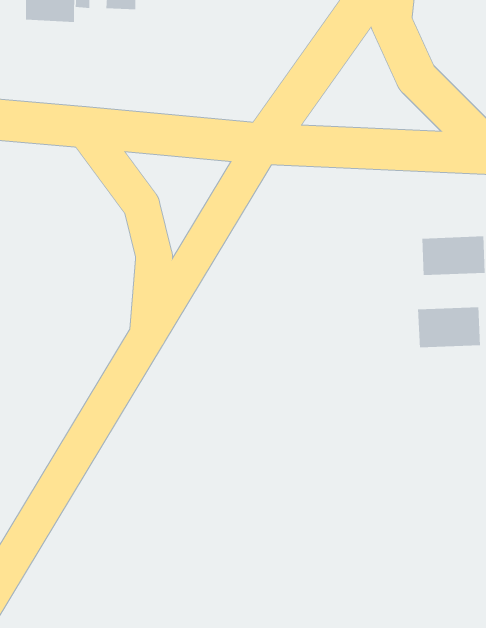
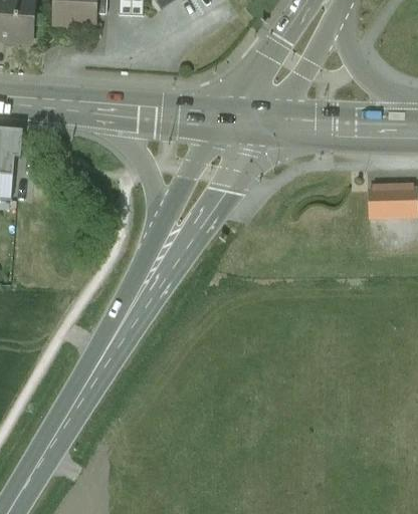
building: [418,306,481,348] -> none

